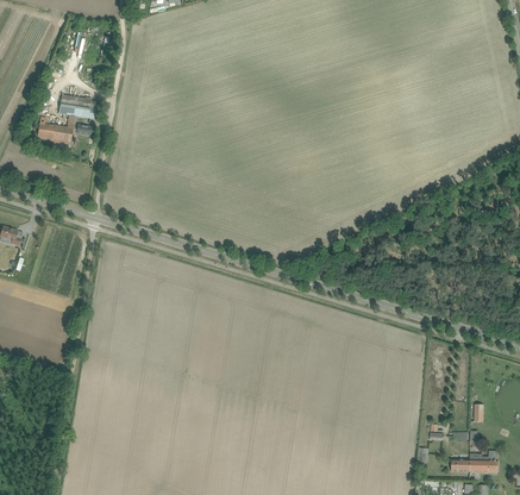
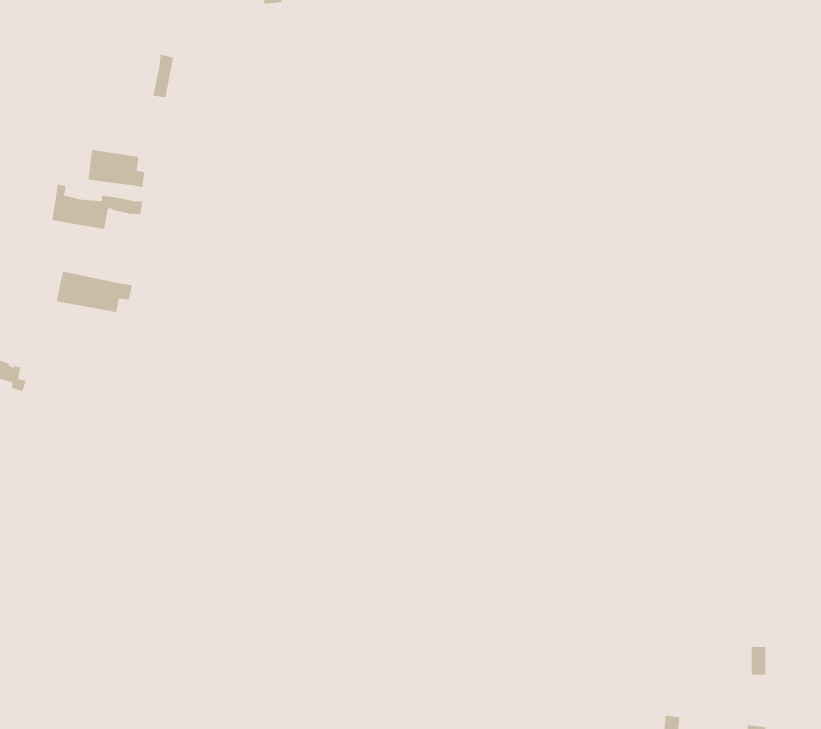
building: none -> [56,271,132,313]

